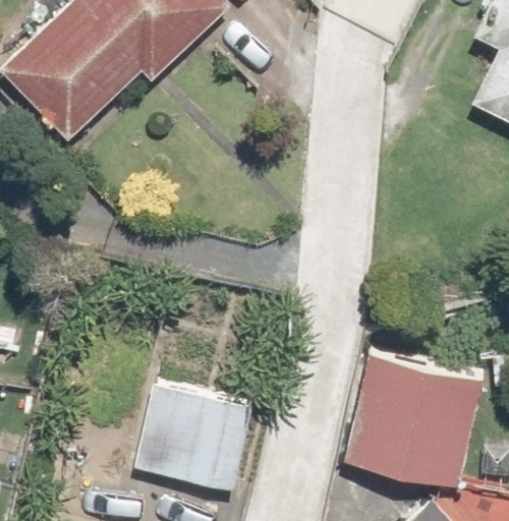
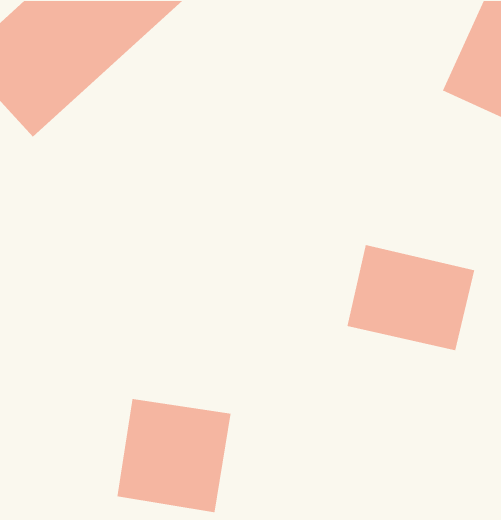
building: none -> [347,244,475,351]
building: [334,354,484,485] -> none

